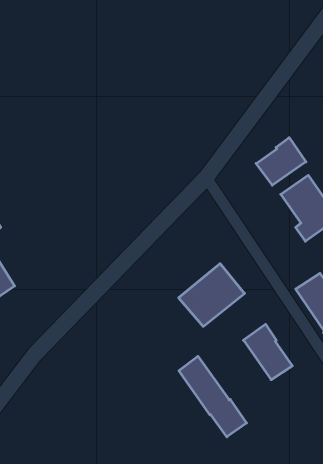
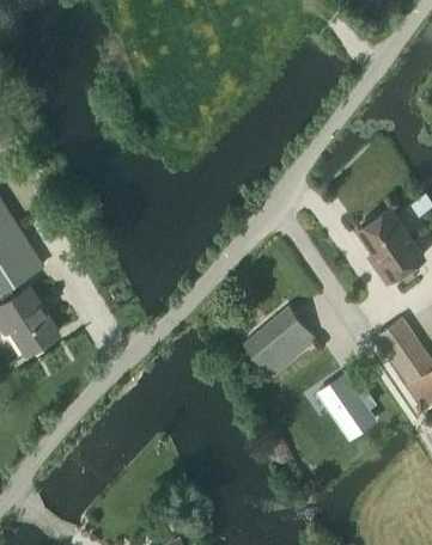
building: [256,138,306,185] -> none
building: [179,356,247,437] -> none

